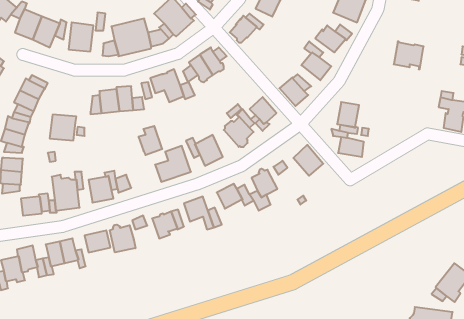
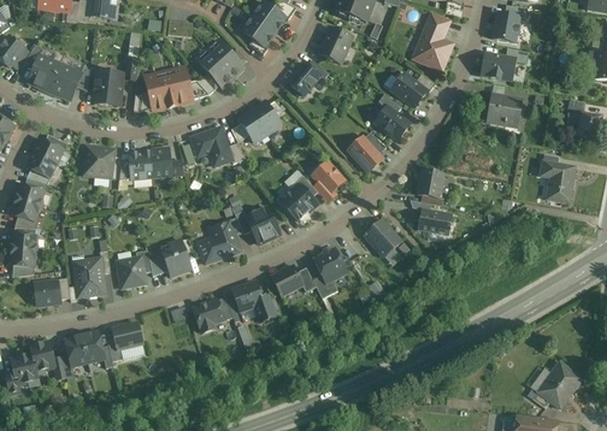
building: none -> [481,52,517,82]
building: [50,115,76,140] -> [83,146,116,177]
building: [138,126,162,155] -> [163,240,191,274]
building: [110,225,135,252] -> none

